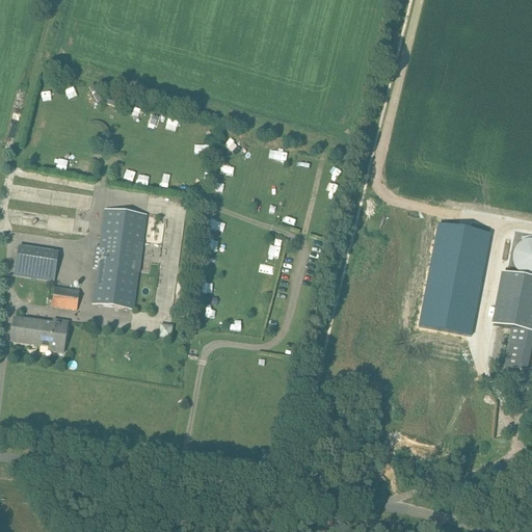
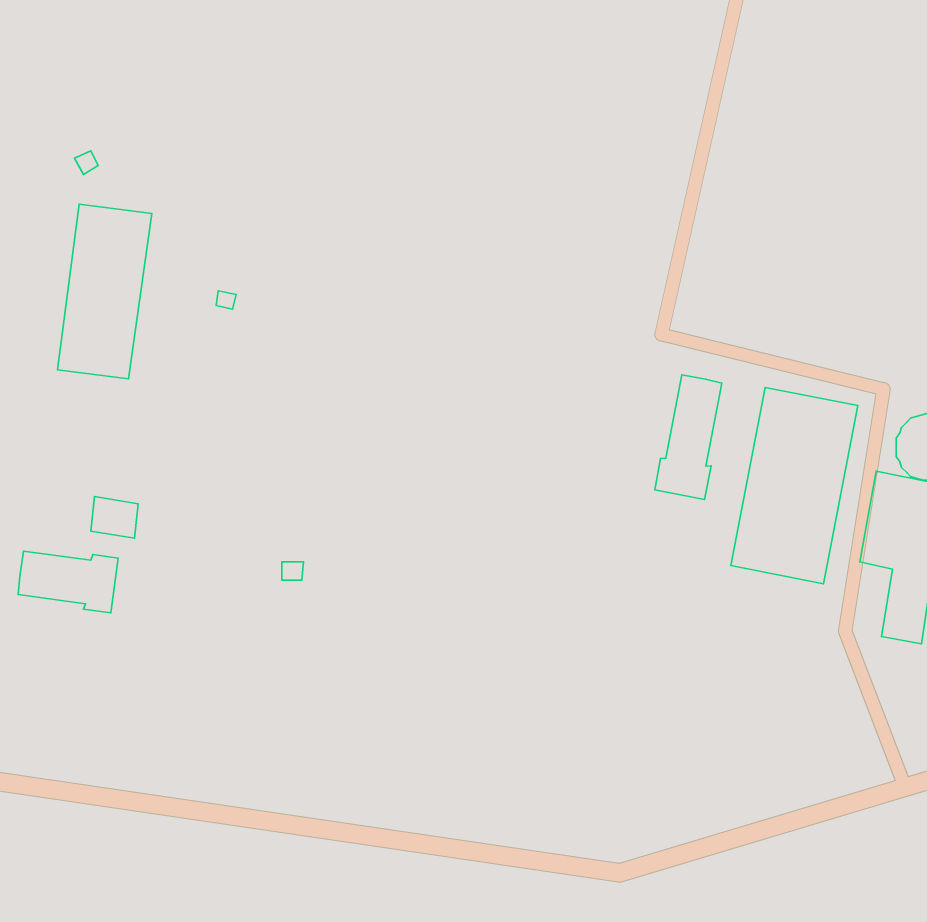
building: [94,207,148,307] -> [57,204,152,379]
building: none -> [655,375,722,500]
building: [15,243,60,278] -> none

